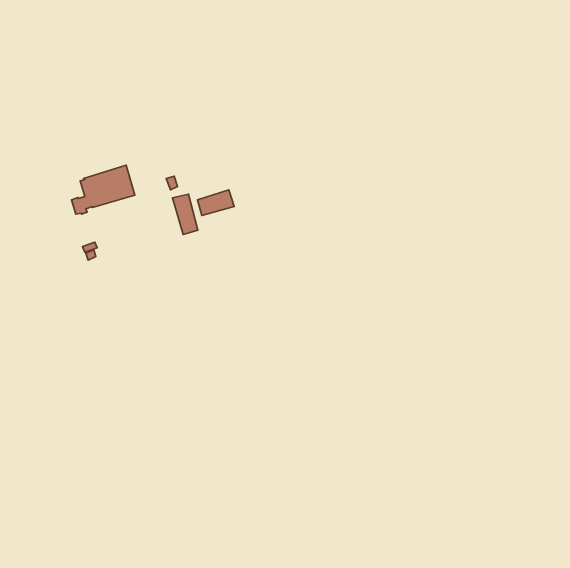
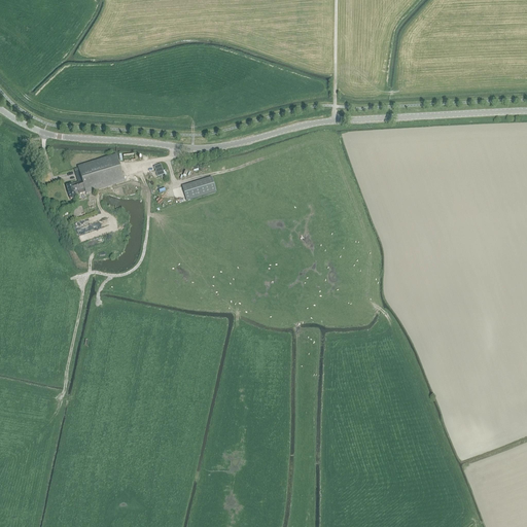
building: [173,194,198,234] -> none

